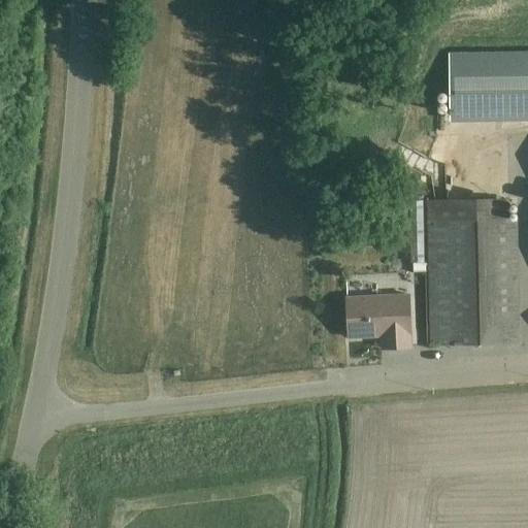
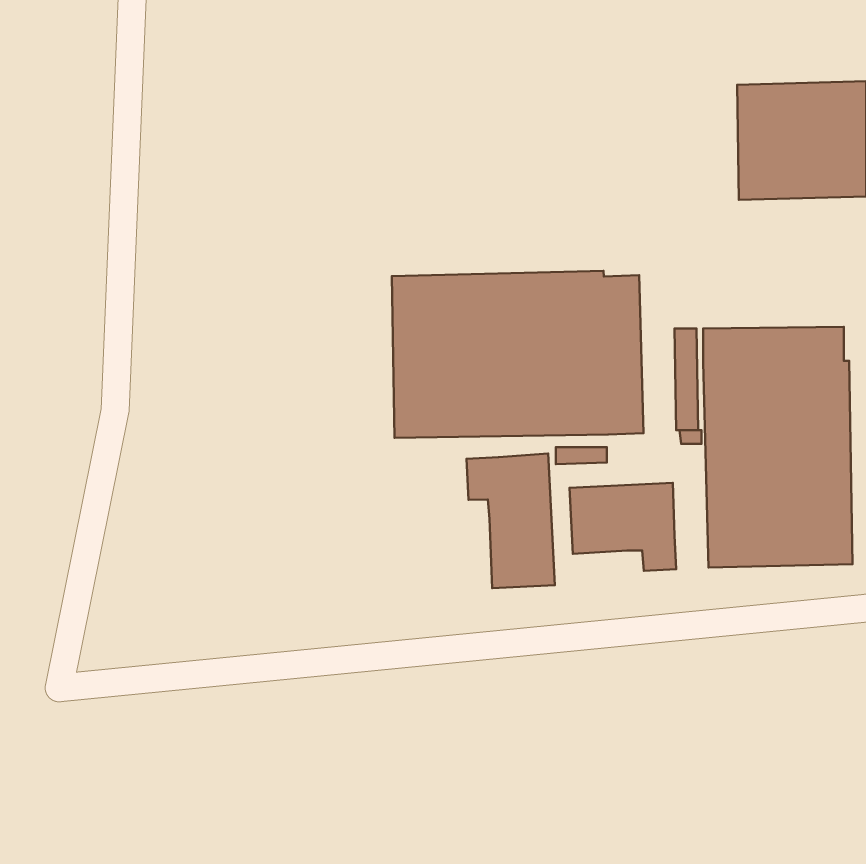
building: none -> [392,271,643,438]
building: none -> [466,454,555,588]

